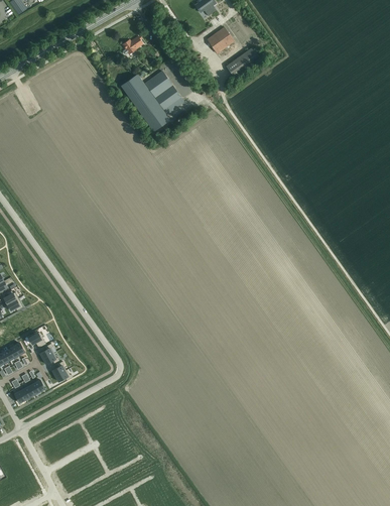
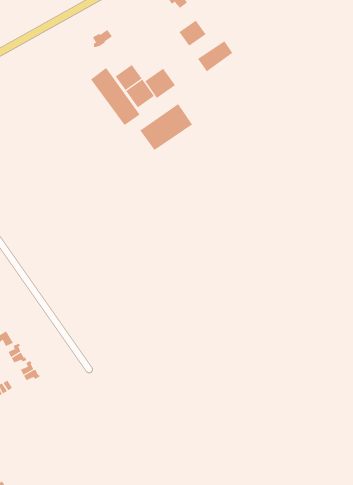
building: none -> [144,68,176,99]
building: none -> [140,103,193,151]

